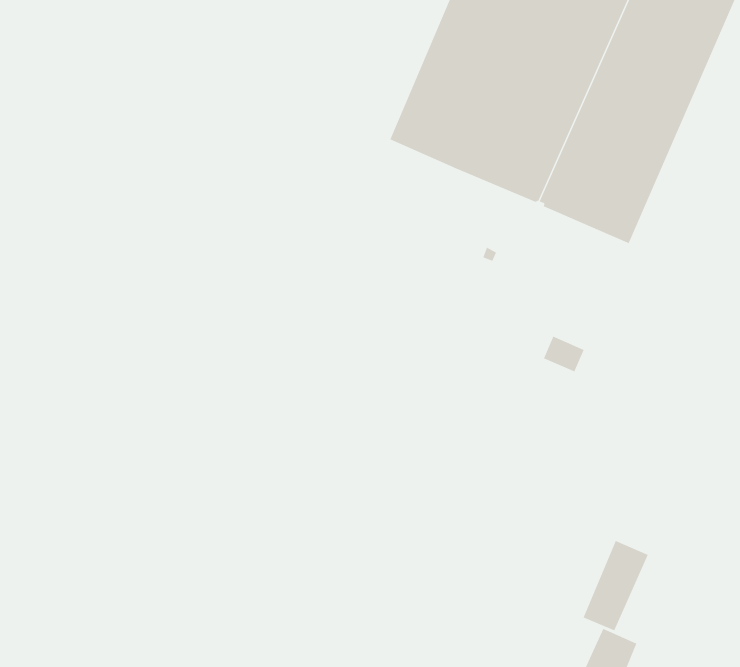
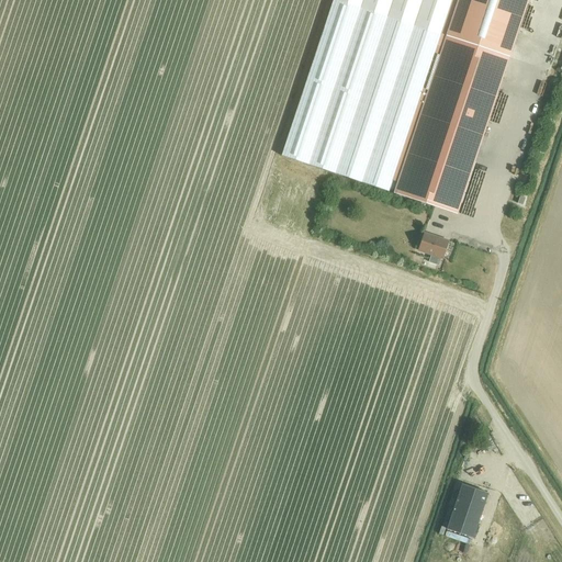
building: [543,336,585,372] -> [419,232,448,256]
building: [583,540,648,631] -> none

